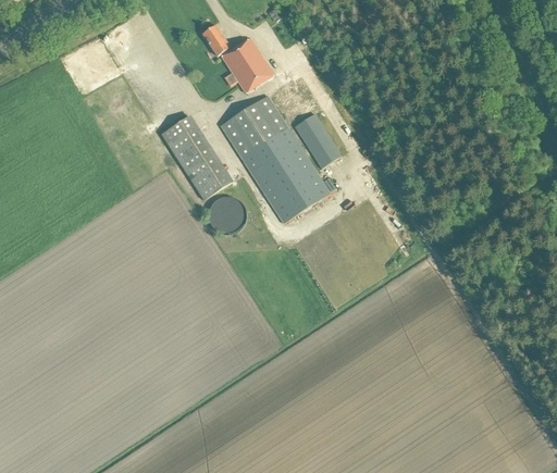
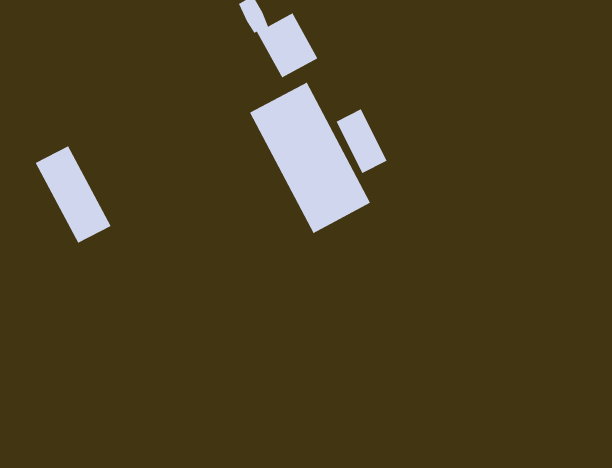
building: [160,116,230,199] -> [35,145,112,244]
building: [207,197,245,235] -> none

